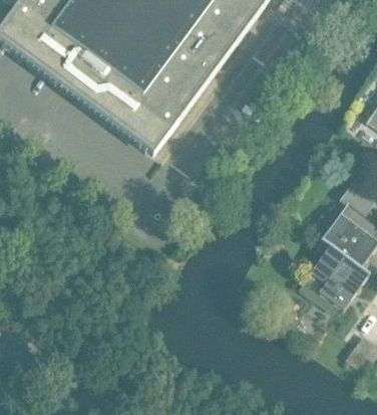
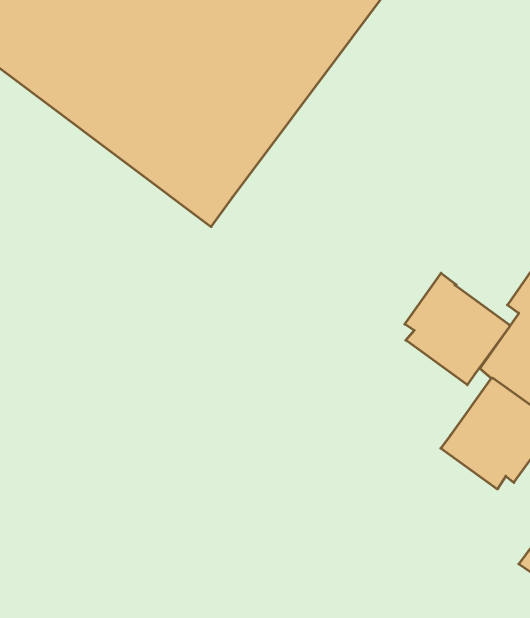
building: none -> [405,273,510,385]

